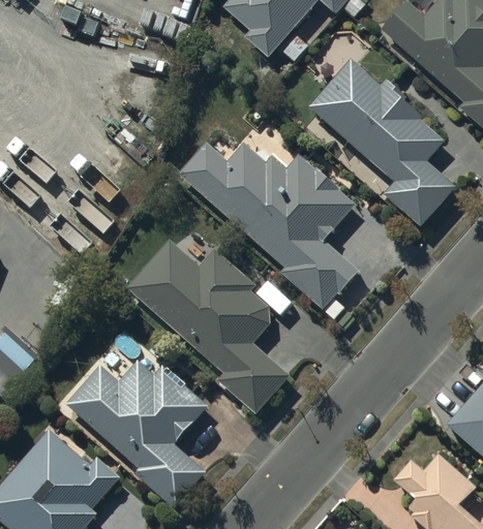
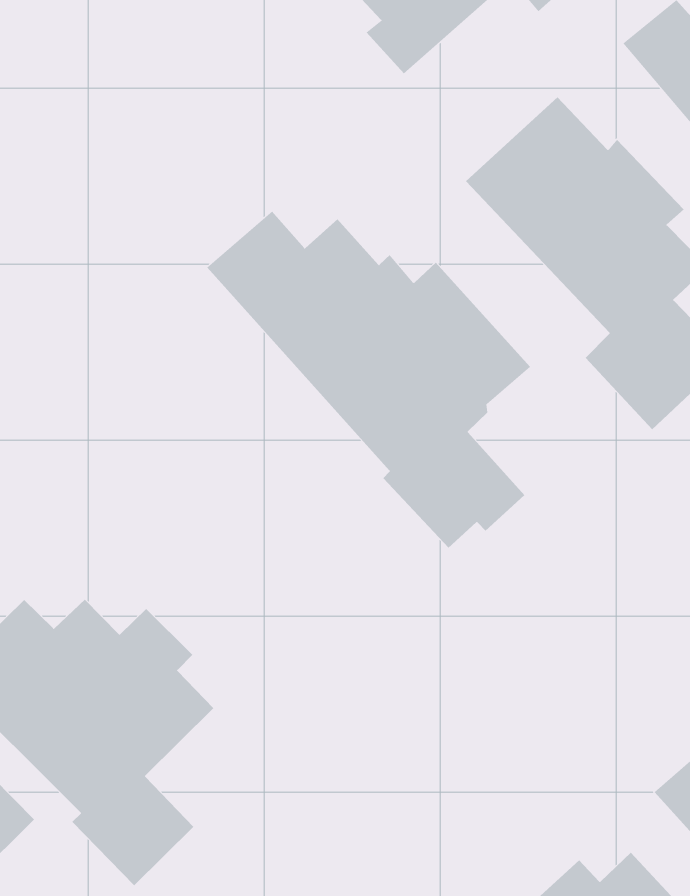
building: [125,240,292,417] -> none

